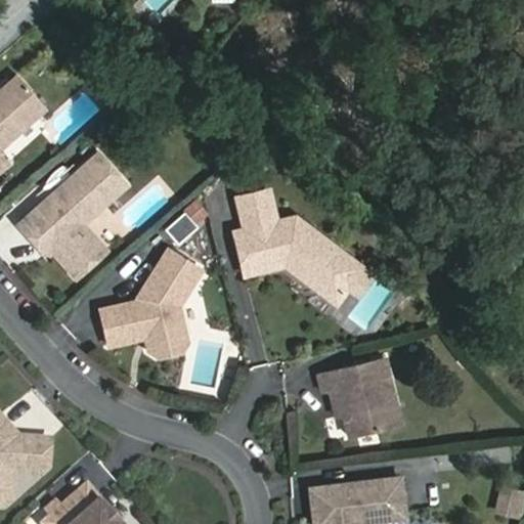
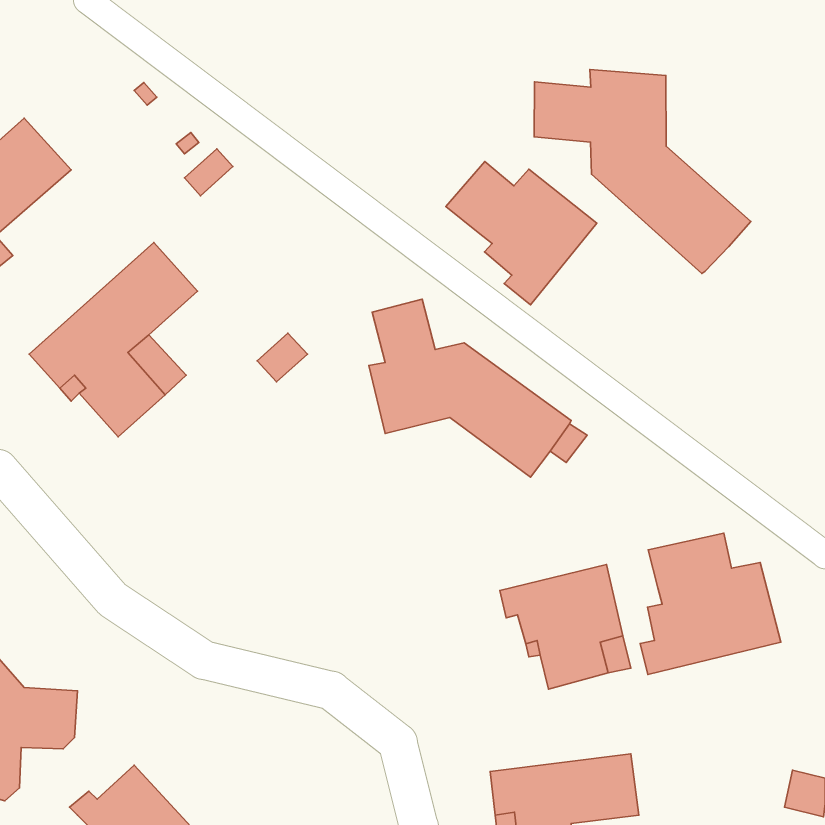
building: none -> [534,70,751,274]
building: none -> [446,162,597,305]
building: [98,251,200,357] -> none
building: none -> [640,533,781,674]

